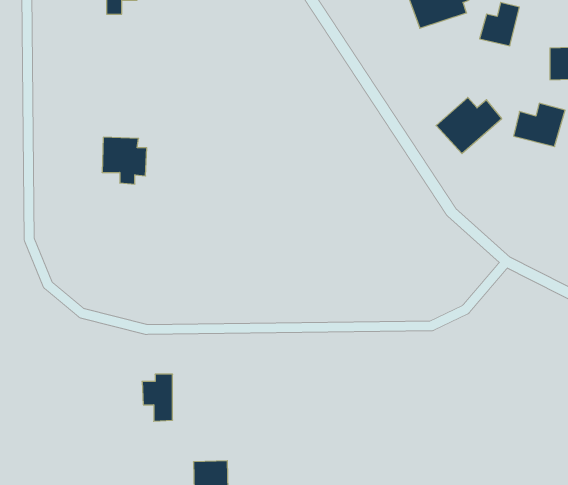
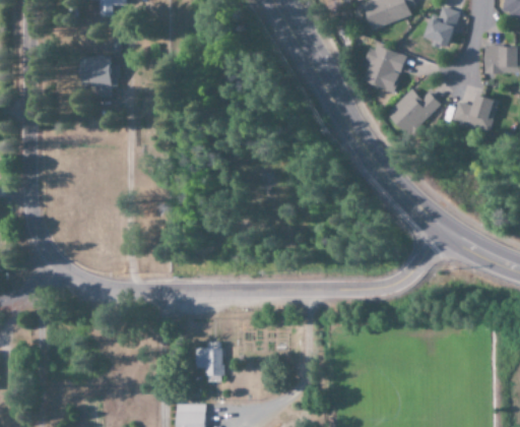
building: none -> [364,44,407,92]
building: [102,137,147,184] -> [80,55,119,96]
building: [142,374,173,421] -> [196,342,222,382]

